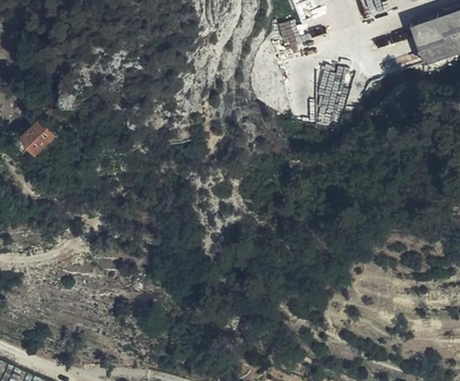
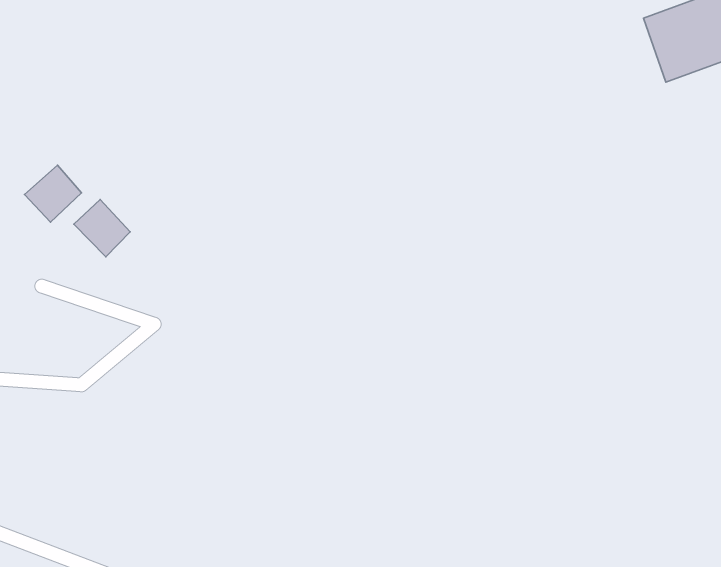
building: none -> [74,200,130,257]

